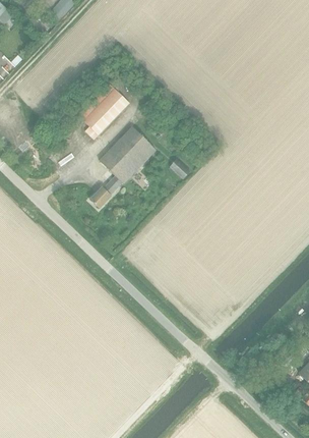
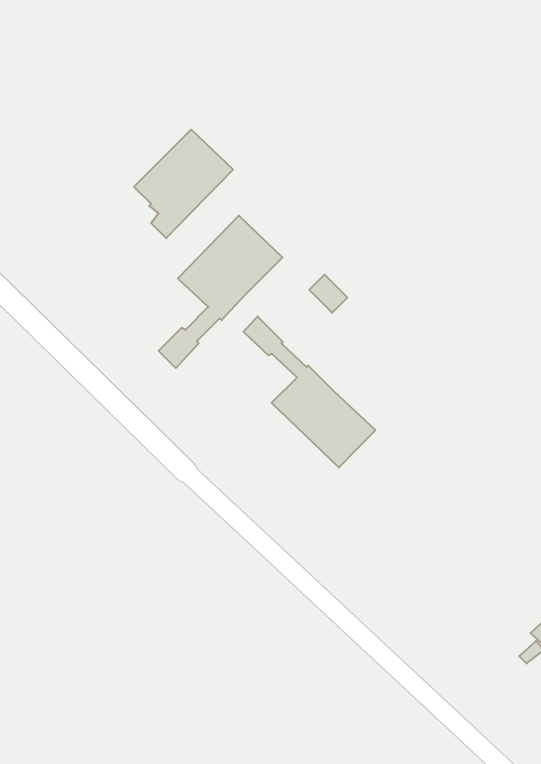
building: none -> [243,316,375,468]

